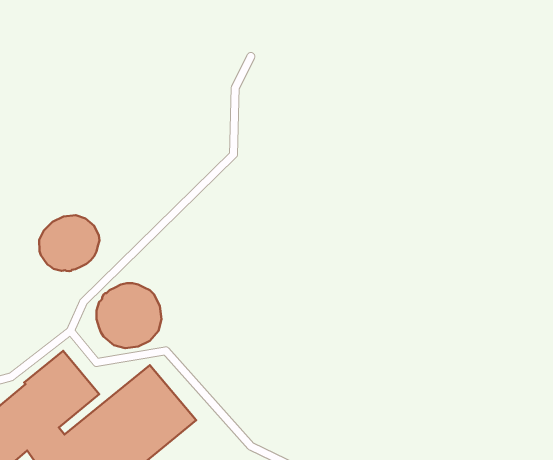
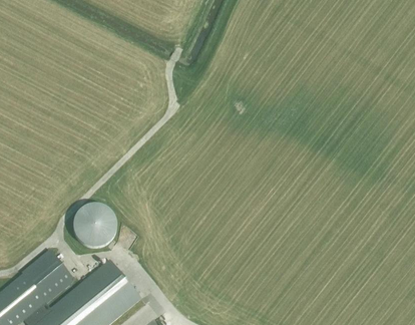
building: [39,215,99,271] -> none

